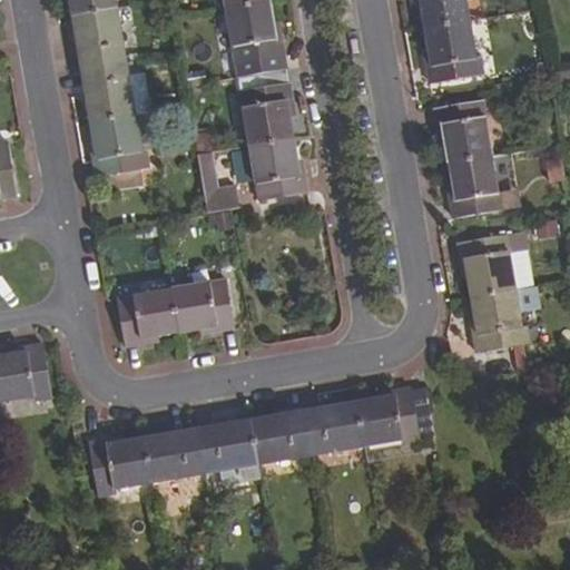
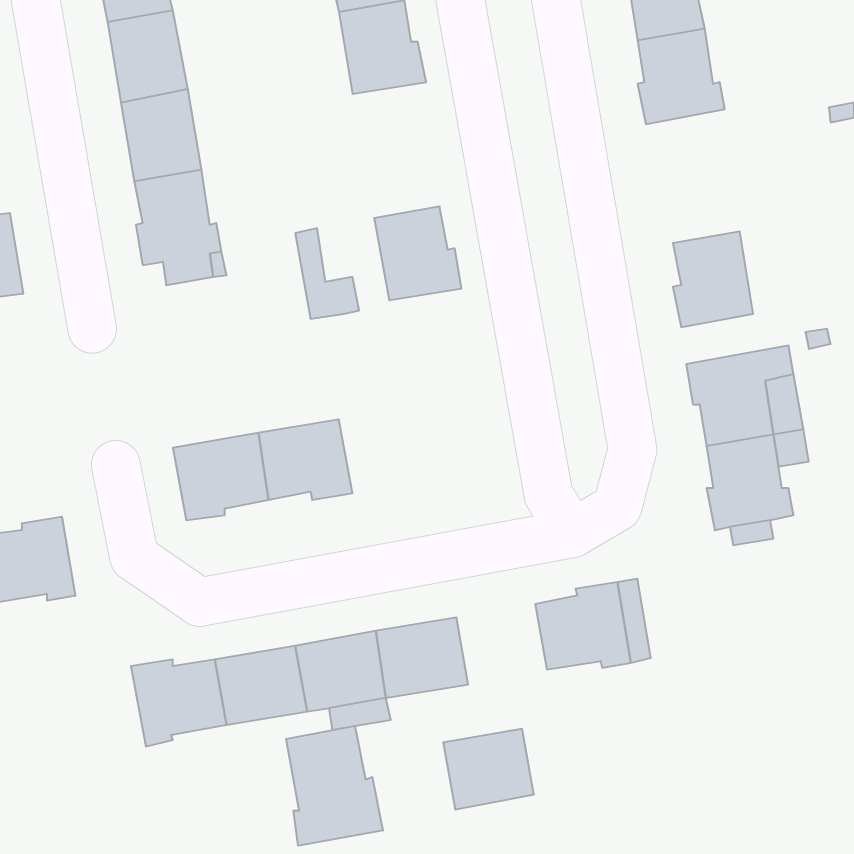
building: [237,68,292,145] -> none
building: [433,99,491,161] -> none
building: [303,401,363,454] -> [443,729,534,809]
building: none -> [286,726,383,846]

